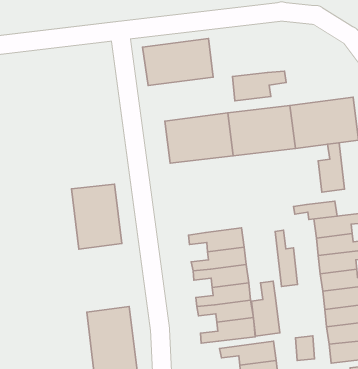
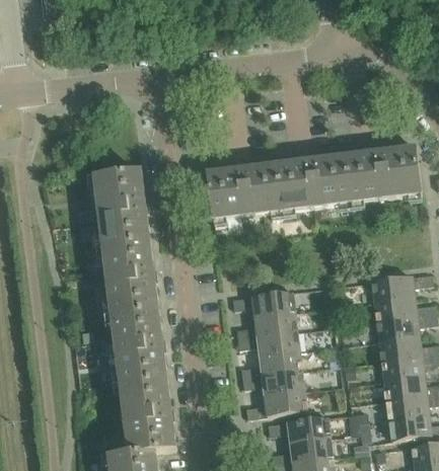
building: [142,38,213,86] -> none
building: [232,71,286,101] -> none
building: none -> [93,170,150,246]
building: [318,143,345,192] -> none
building: [293,201,337,219] -> none
building: [275,230,297,287] -> none
building: none -> [111,307,166,383]
building: [251,281,280,336] -> none

